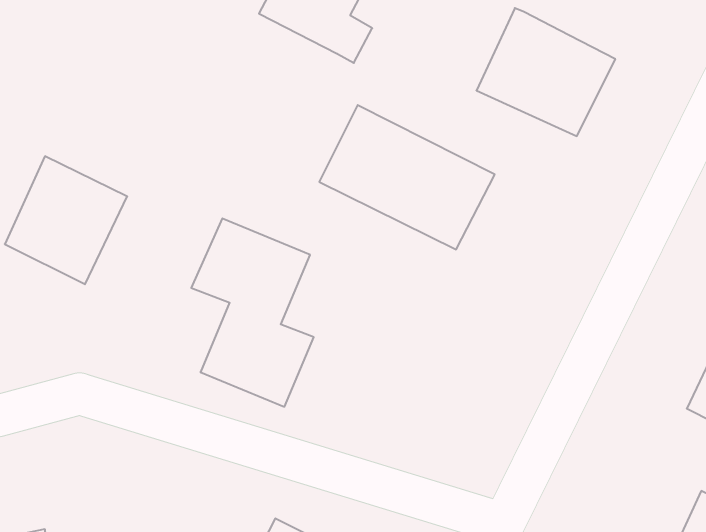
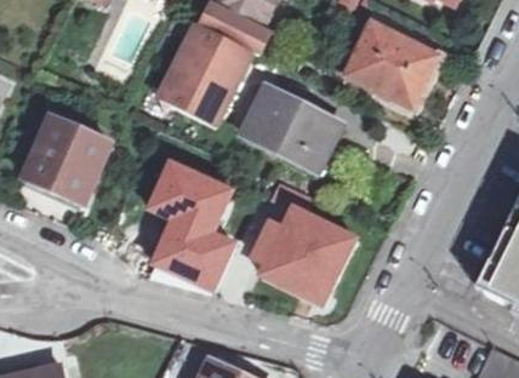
building: none -> [153,23,250,131]
building: none -> [252,210,352,305]

